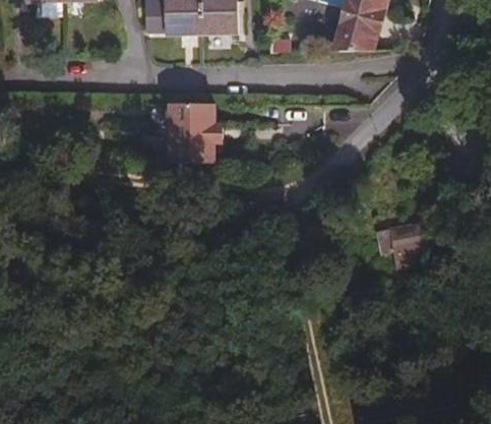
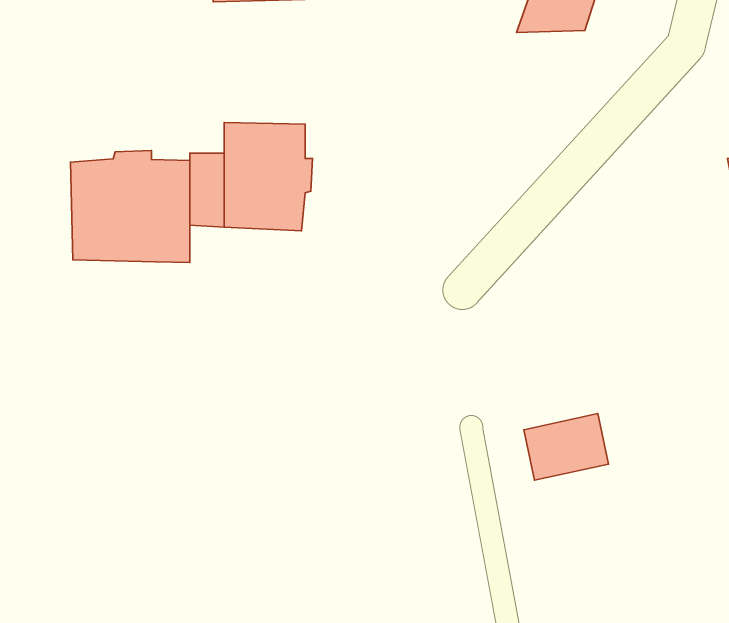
building: none -> [71,151,190,263]
building: [382,220,430,257] -> [524,414,609,480]

